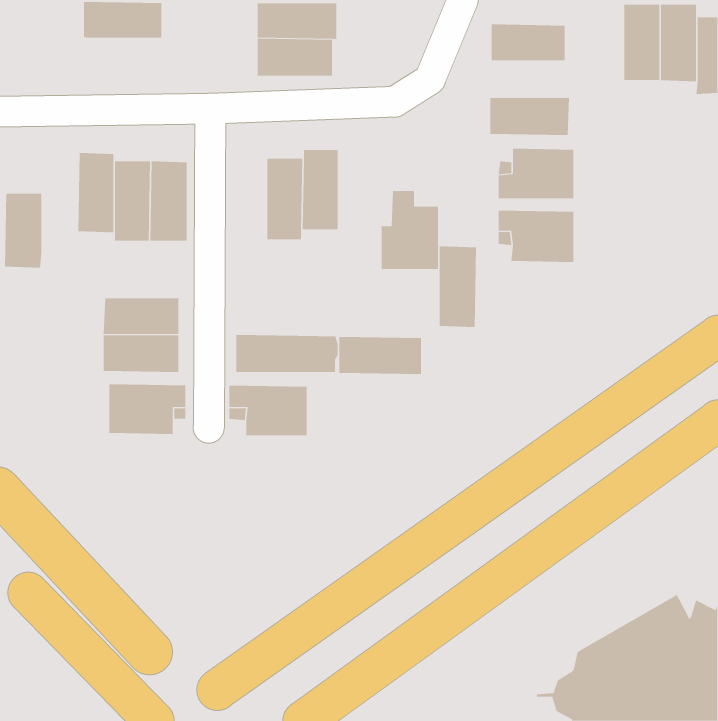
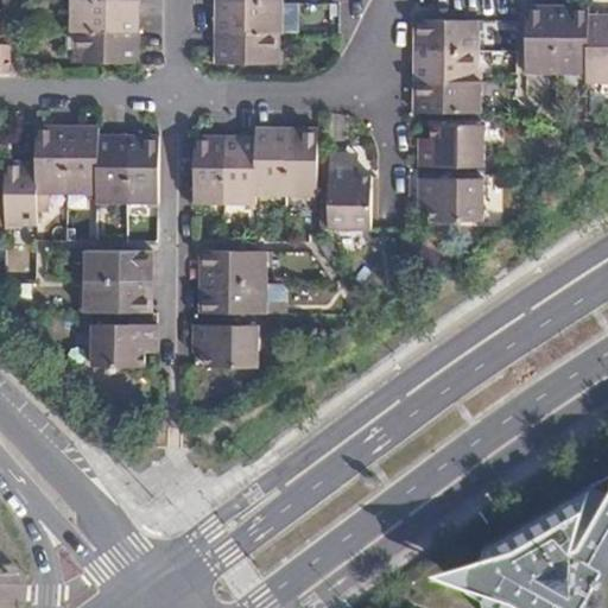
building: none -> [72,32,137,63]
building: none -> [412,51,476,82]
building: none -> [36,128,66,213]
building: none -> [194,133,224,202]
building: [439,246,477,328] -> [285,126,317,195]
building: [339,336,422,375] -> [198,251,268,283]

